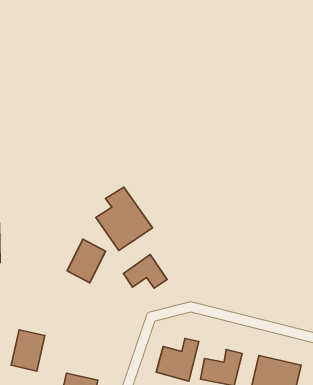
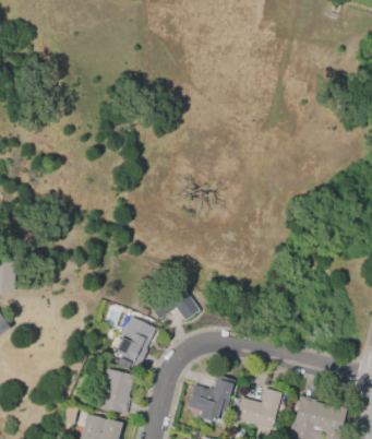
building: [96,187,152,251] -> none
building: [67,239,105,283] -> [113,317,156,365]
building: [11,330,45,371] -> [98,369,135,415]

